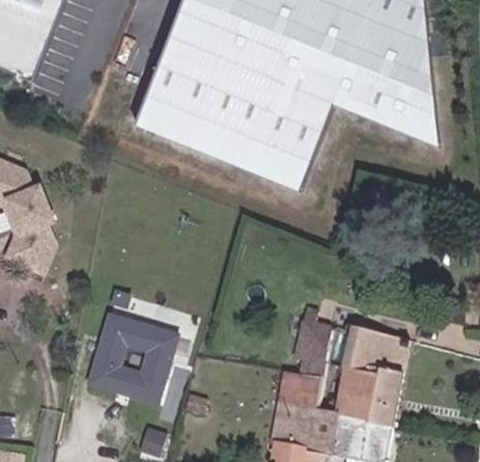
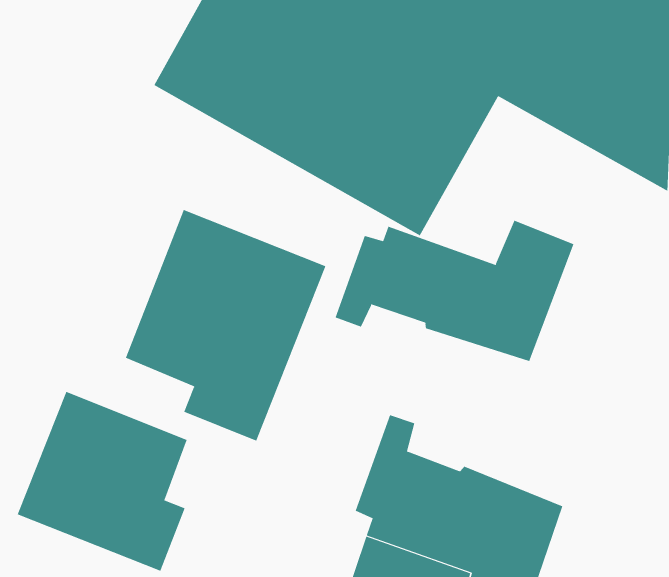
building: none -> [335,220,574,362]
building: none -> [125,209,326,441]

